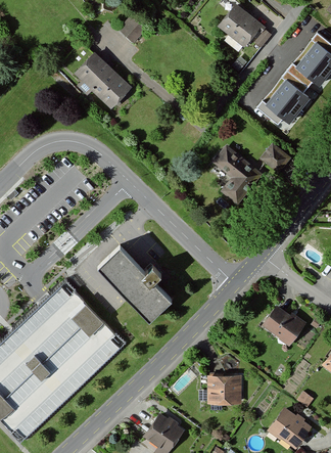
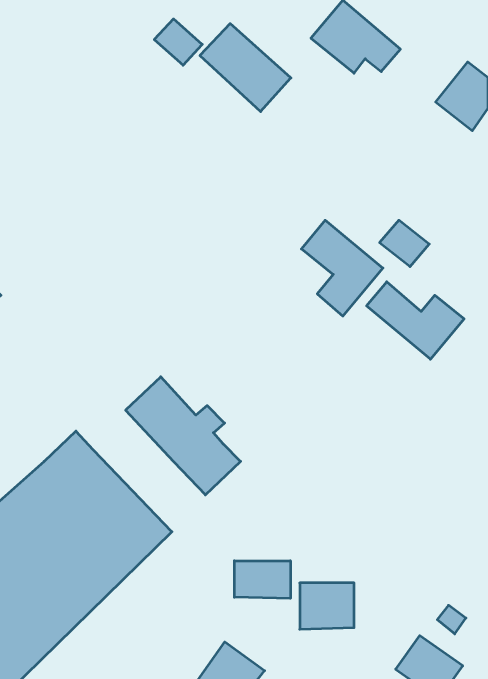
building: [73,54,131,110] -> [200,24,291,112]
building: [265,80,309,125] -> none
building: none -> [367,282,464,359]
building: [264,305,309,348] -> none
building: none -> [234,561,290,598]

